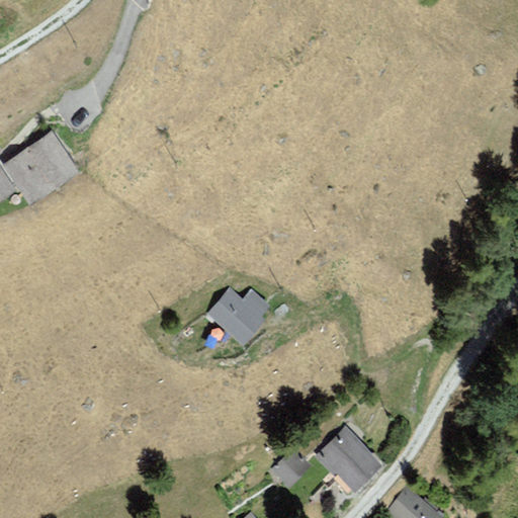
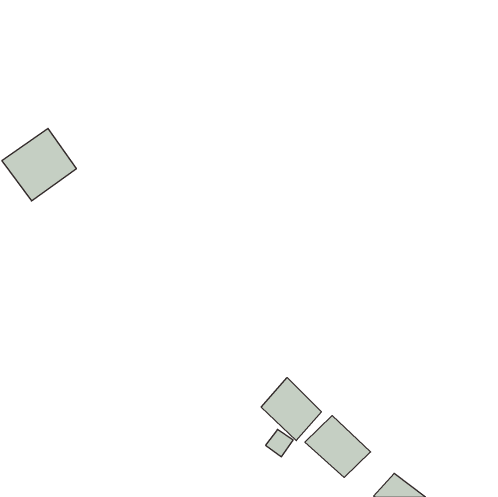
building: [209,288,269,339] -> none
building: none -> [261,378,321,441]

